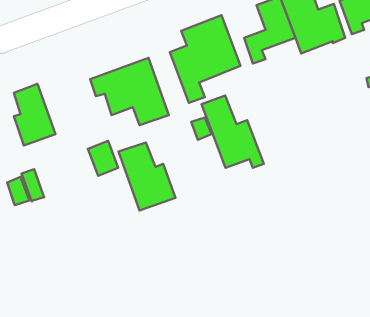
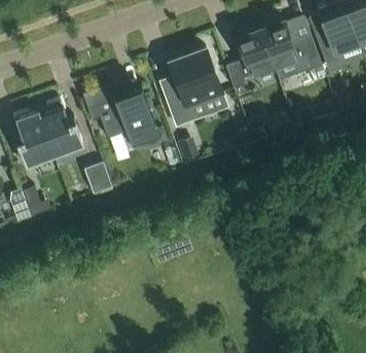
building: none -> [38,103,83,156]
building: [201,96,264,168] -> none
building: [119,142,175,210] -> none

